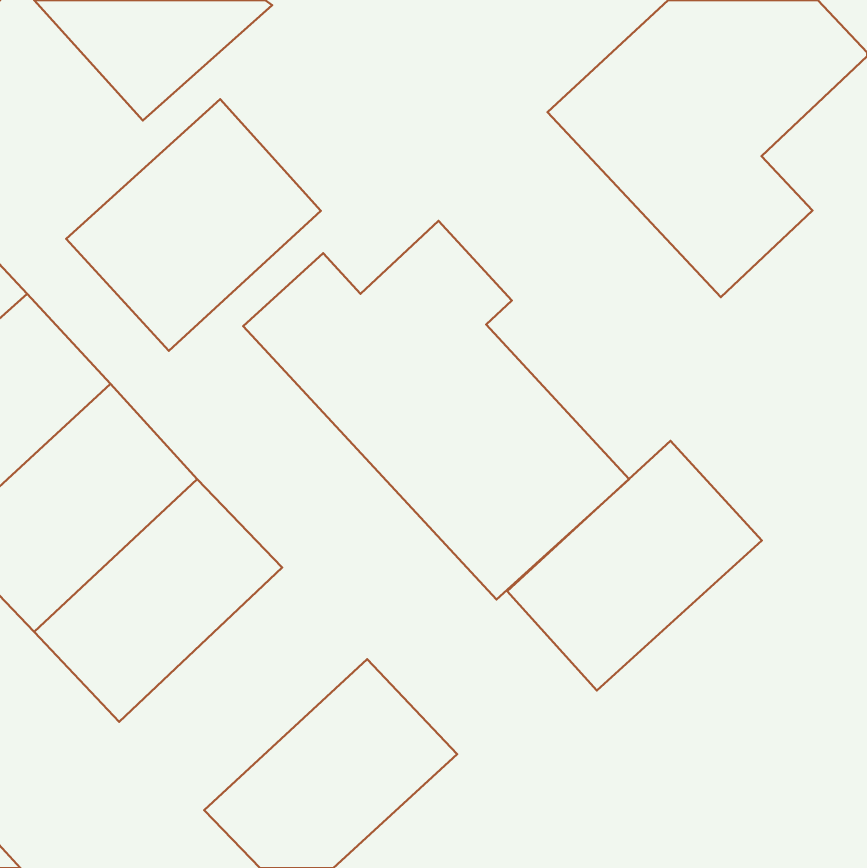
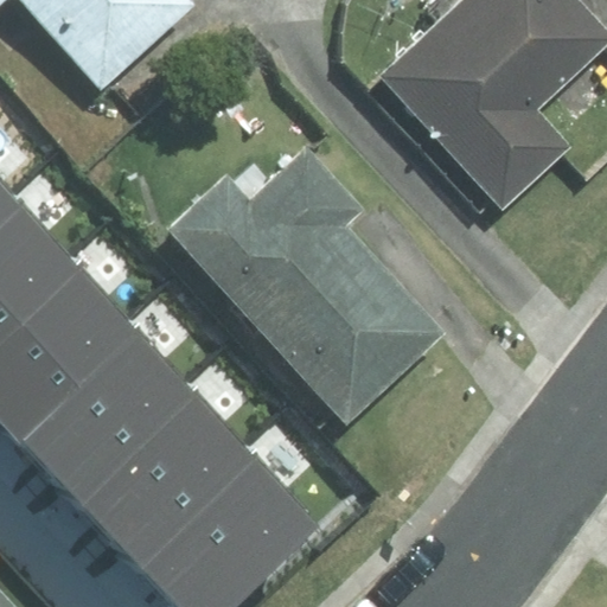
building: [66,99,321,351] -> none
building: [507,441,762,690] -> none
building: none -> [83,396,256,566]

